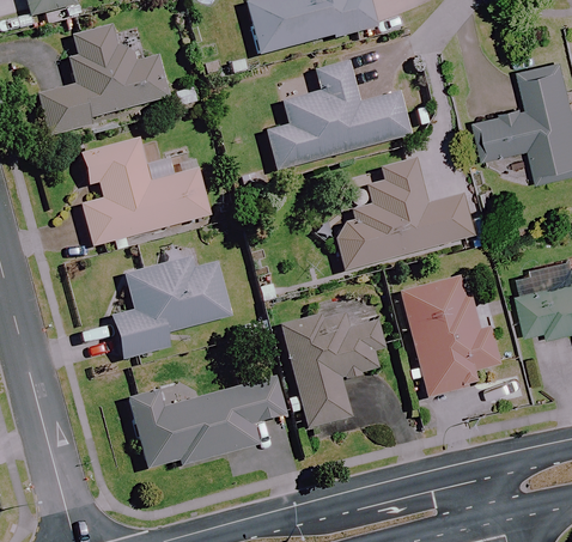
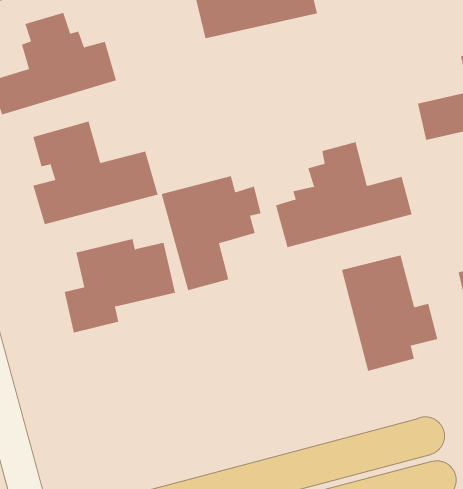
building: [267,60,409,169] -> none
building: [280,306,384,426] -> [161,175,261,291]
building: [128,373,286,468] -> none

